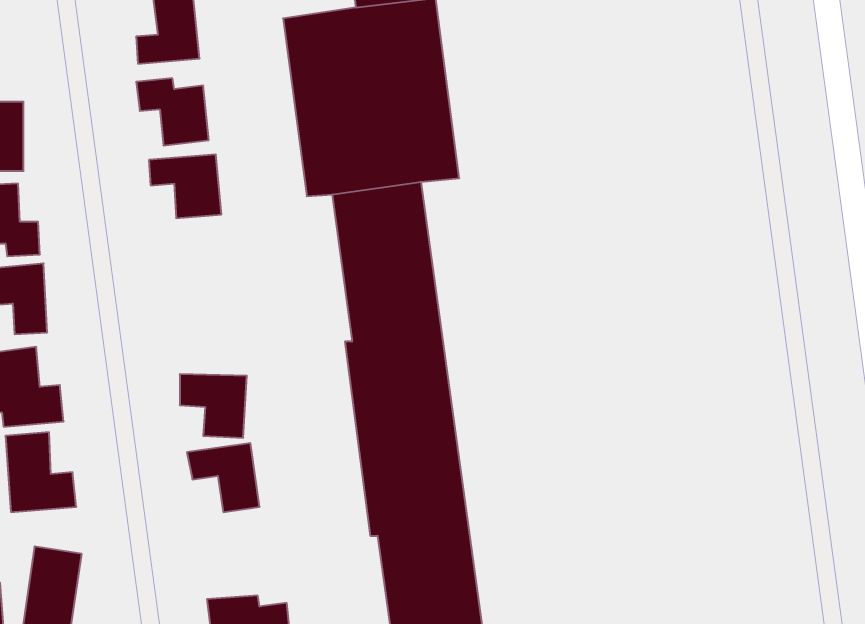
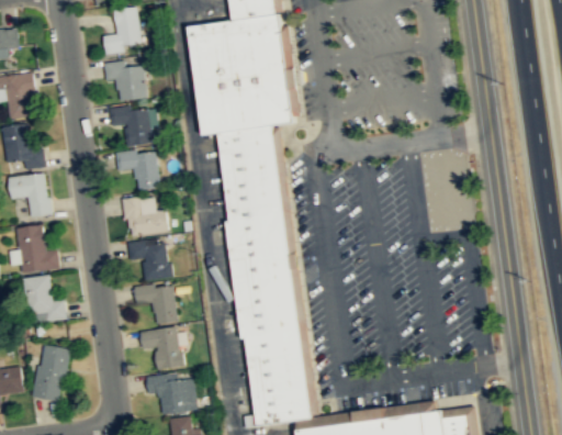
building: none -> [114,150,158,191]
building: none -> [123,197,167,236]
building: none -> [137,325,182,370]

